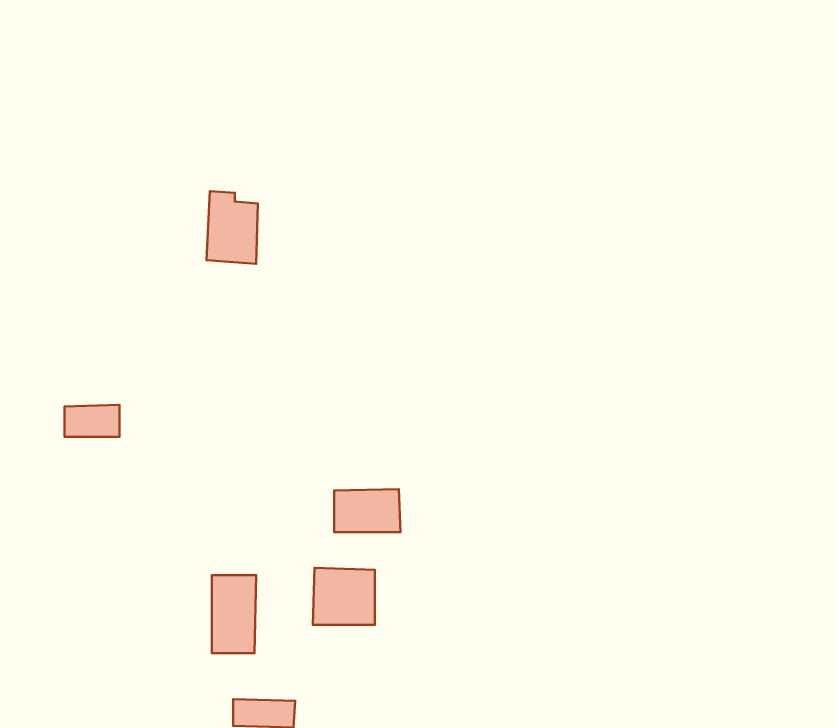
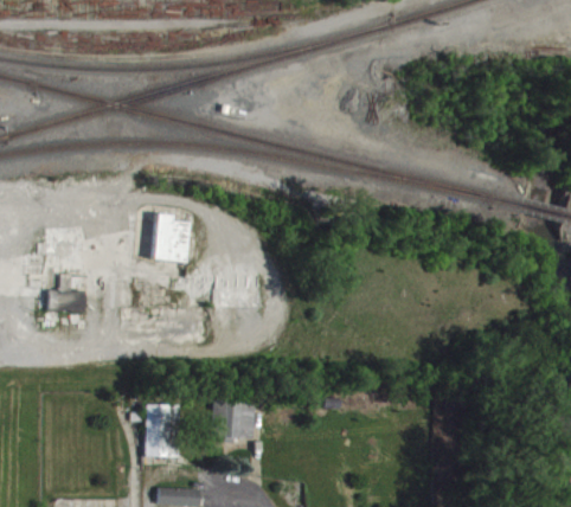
building: [206,191,258,264] -> [150,213,185,262]
building: [334,489,401,532] -> none

